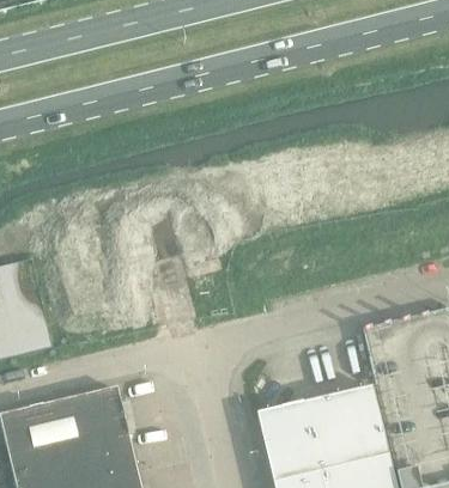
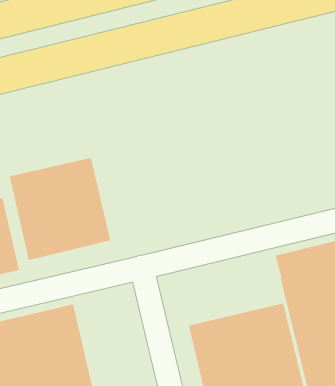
building: none -> [9,157,111,261]

